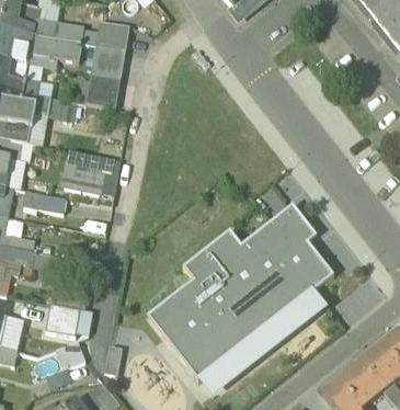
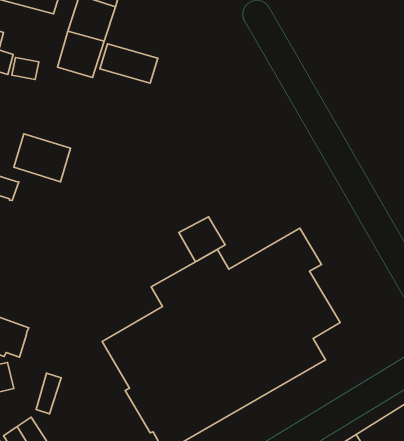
building: none -> [100,44,158,83]
building: none -> [179,217,225,262]

